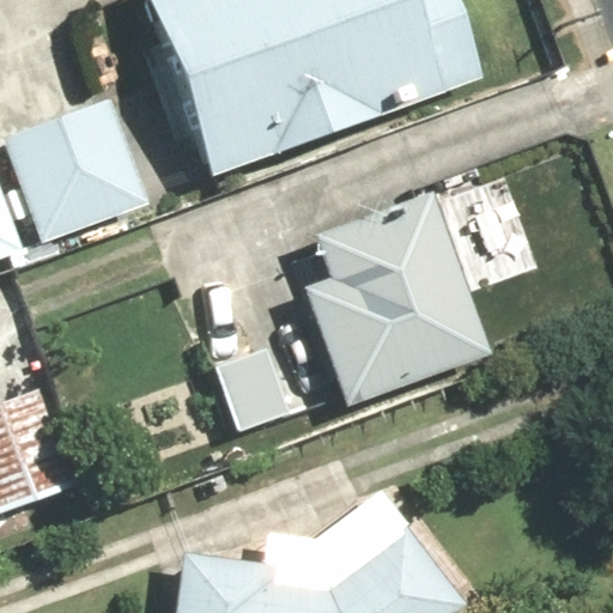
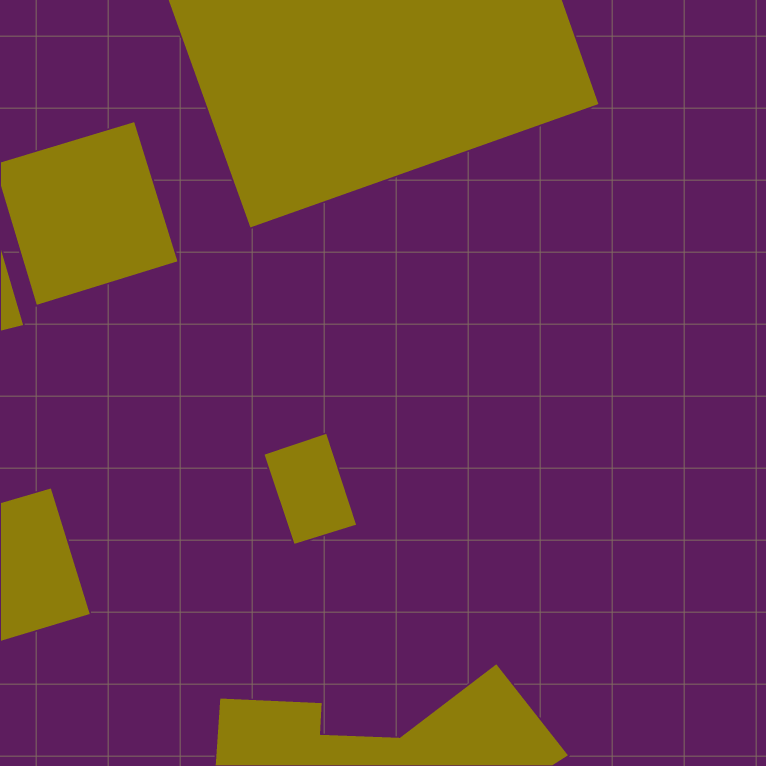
building: [301,192,493,406] -> none

